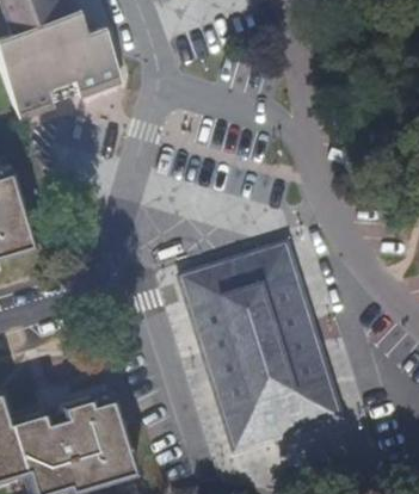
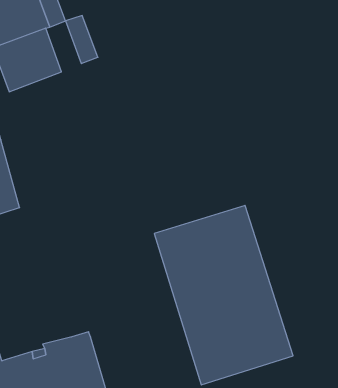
building: [58,32,99,91] -> none

